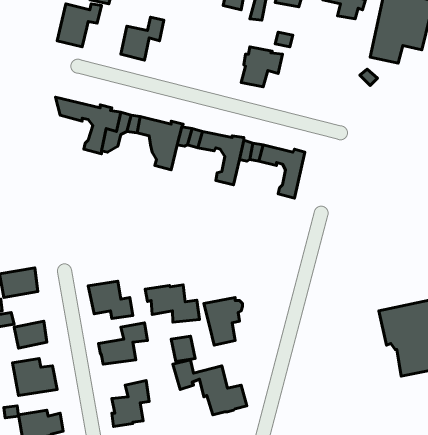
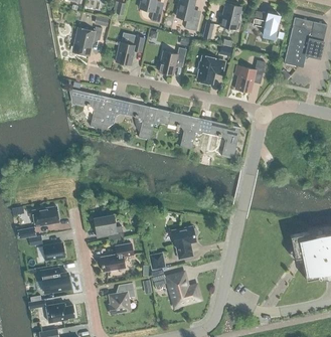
building: none -> [158,46,186,74]
building: none -> [234,59,265,92]
building: [145,285,200,322] -> none

